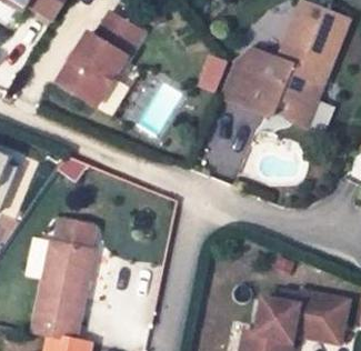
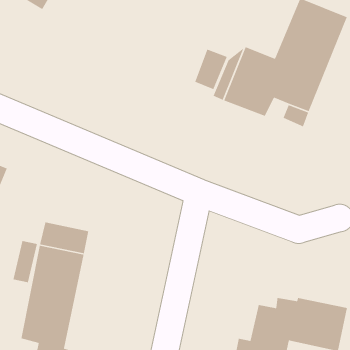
building: [57,12,142,106] -> none

